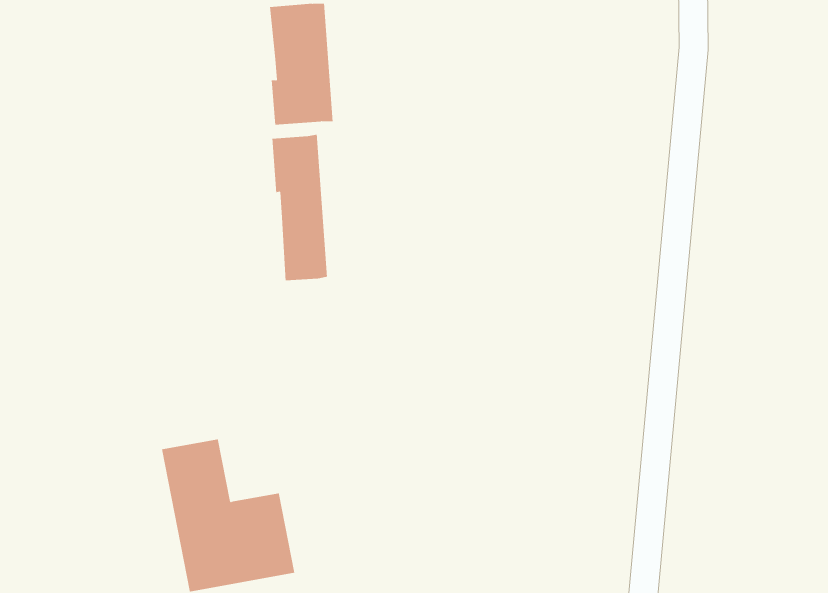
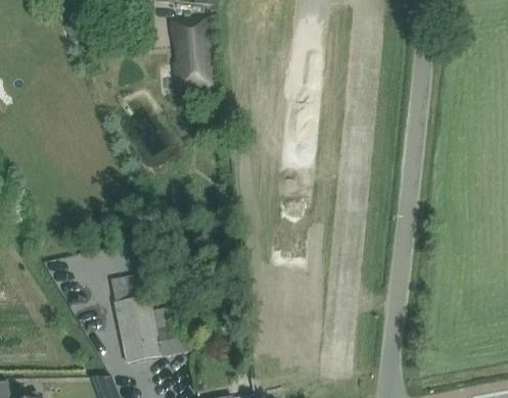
building: [272,134,328,281] -> none

